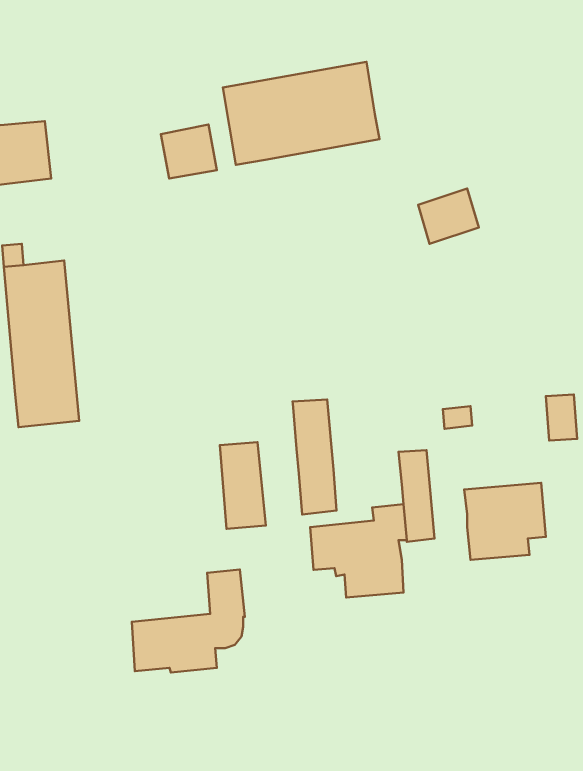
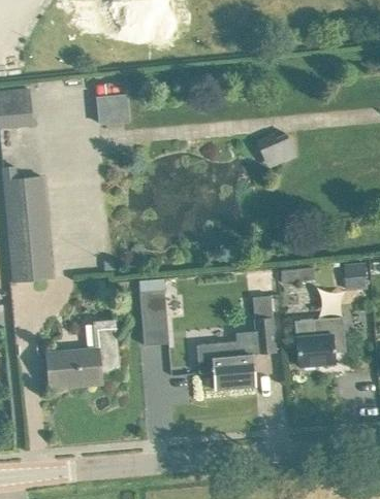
building: [223,62,380,165] -> none
building: [292,400,337,515] -> none
building: [132,570,245,673] -> [46,321,118,386]

